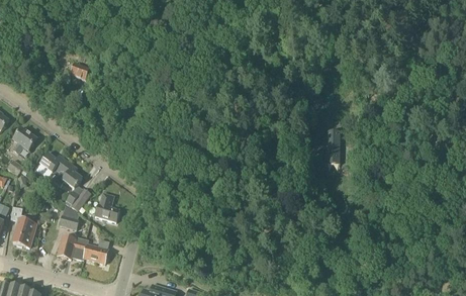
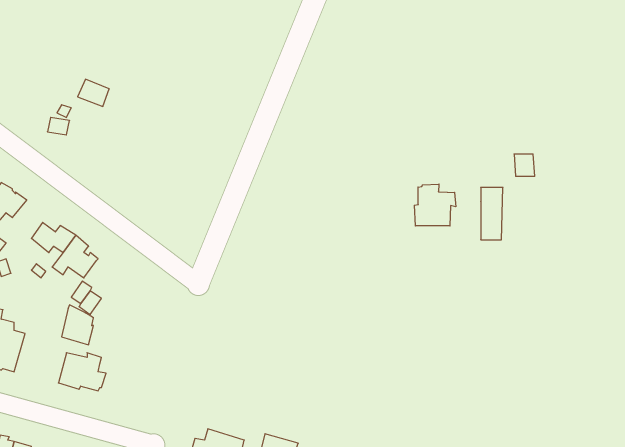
building: none -> [414,184,456,226]
building: [95,192,120,222] -> none
building: [83,238,109,264] -> none

